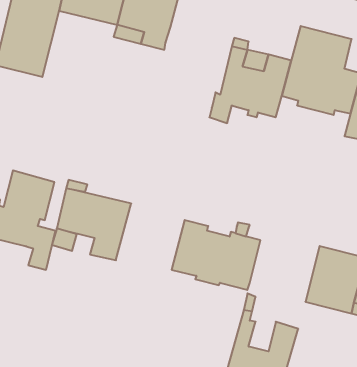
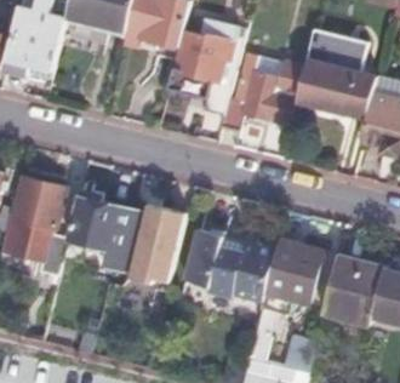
building: none -> [168,16,247,114]
building: none -> [126,204,183,282]
building: none -> [264,242,321,304]

